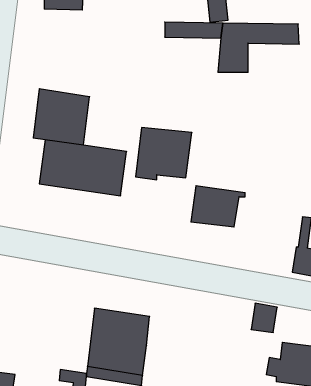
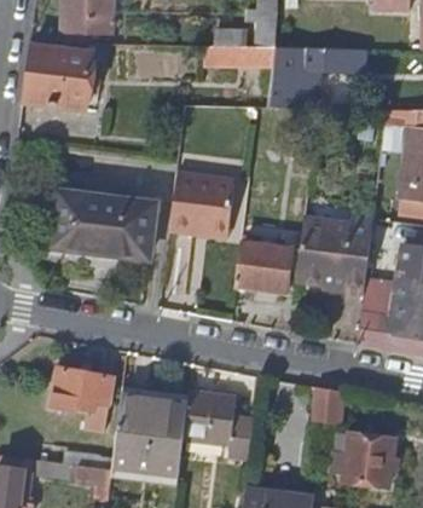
building: [33,89,90,145] -> [25,42,93,110]
building: none -> [297,218,373,291]
building: none -> [51,366,112,409]
building: none -> [182,387,253,457]

